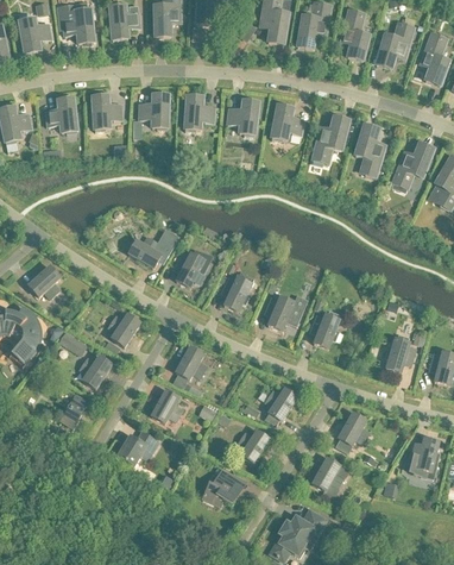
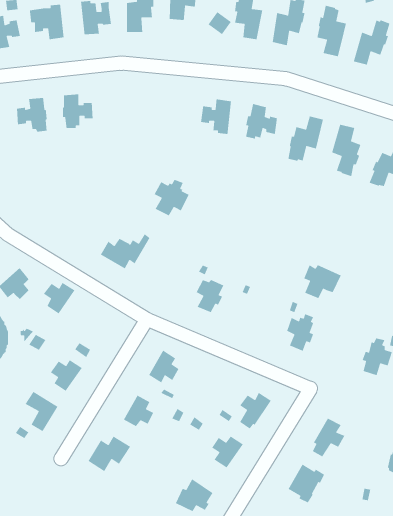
building: [139,95,170,128] -> none
building: [183,96,214,131] -> none
building: [175,250,210,287] -> [153,179,190,216]
building: [266,296,304,331] -> [303,264,342,299]
building: [108,314,140,346] -> [43,282,76,315]

